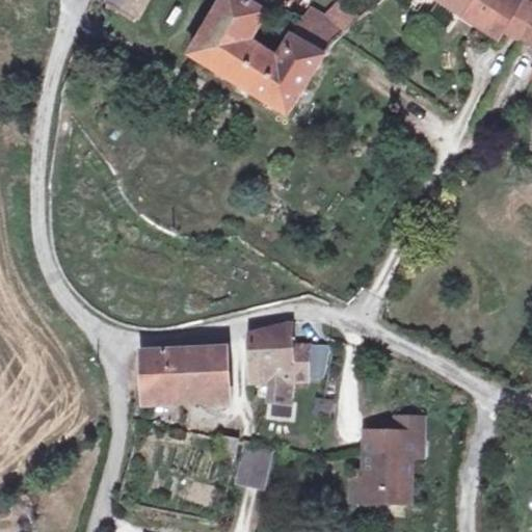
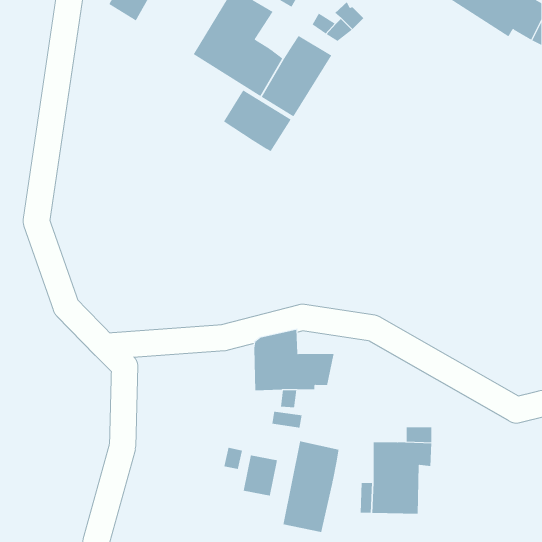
building: none -> [223,90,292,152]
building: [140,346,229,399] -> none
building: none -> [283,440,339,533]

